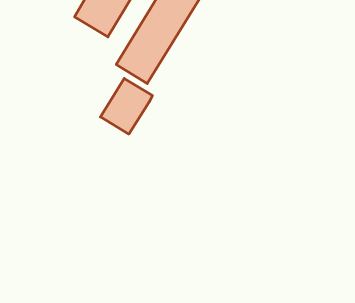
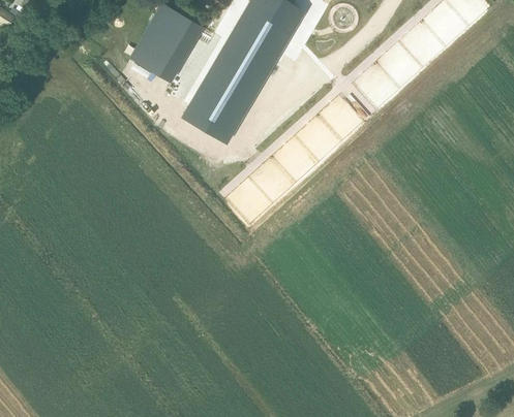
building: [100,78,152,134] -> none

